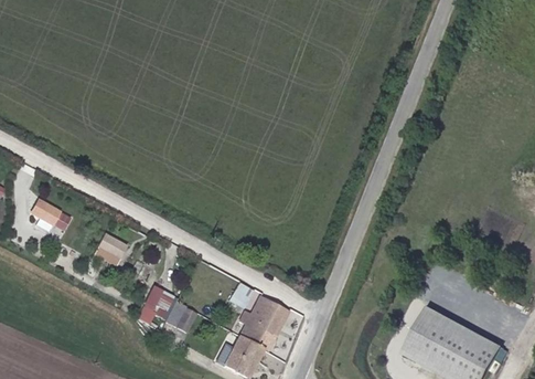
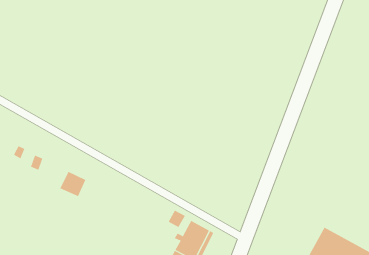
building: [135,286,171,326] -> none
building: [167,302,196,333] -> none

